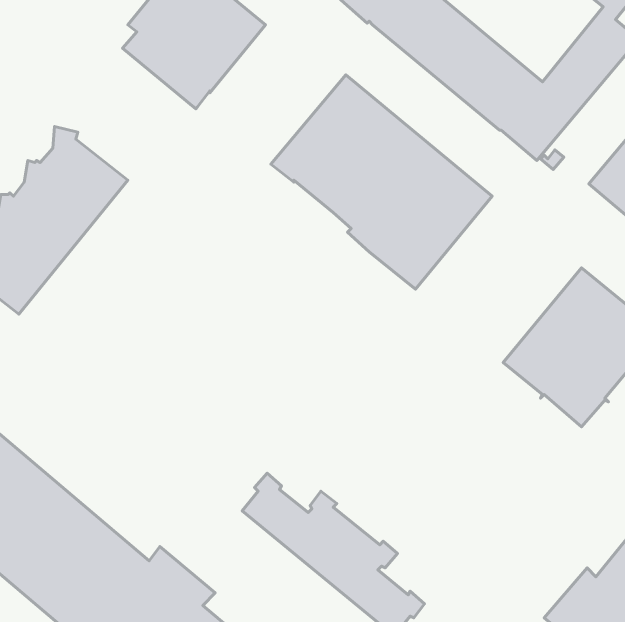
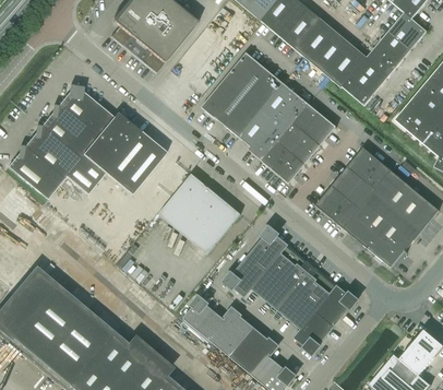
building: none -> [65,111,166,193]
building: none -> [315,146,391,227]
building: none -> [158,173,240,252]
building: none -> [224,226,357,354]

